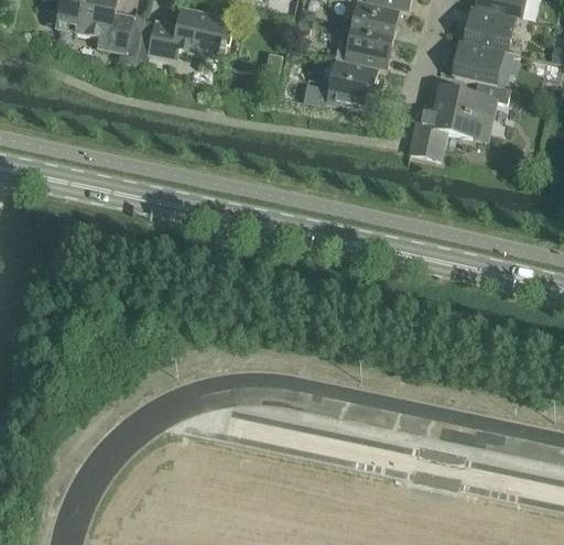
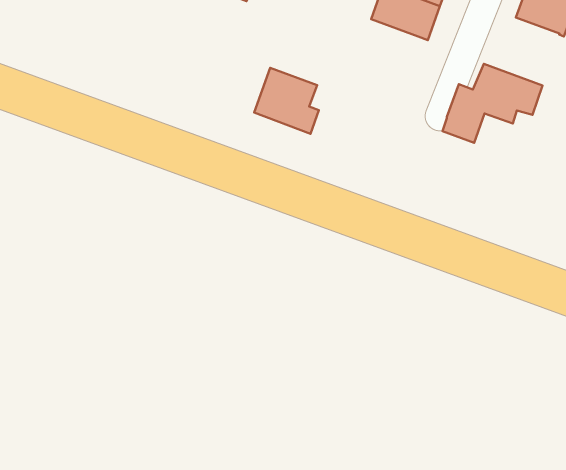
building: [451,39,503,84] -> none
building: [325,58,382,112] -> [254,68,319,134]

